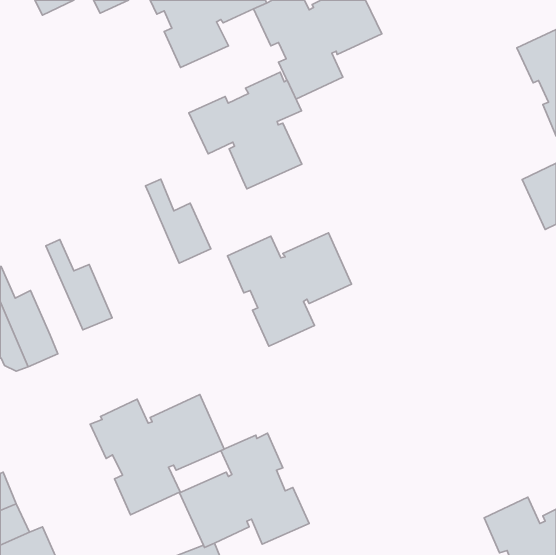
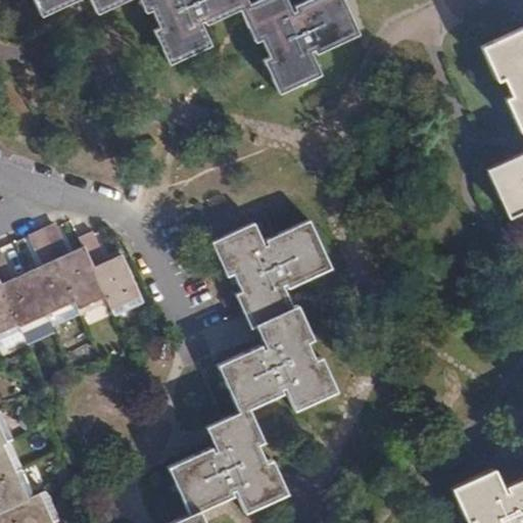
building: [189,72,302,189] -> none
building: [145,179,211,263] -> [80,234,141,313]
building: none -> [29,232,75,316]
building: none -> [220,304,338,413]
building: [90,394,224,515] -> none

